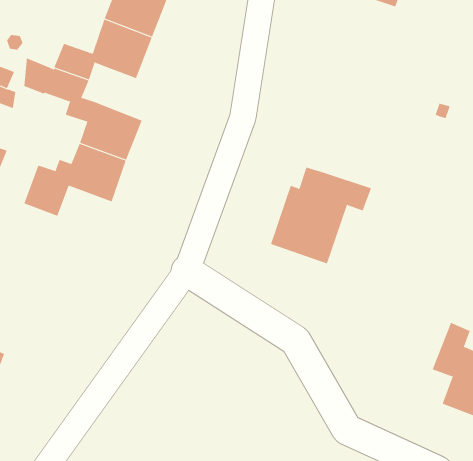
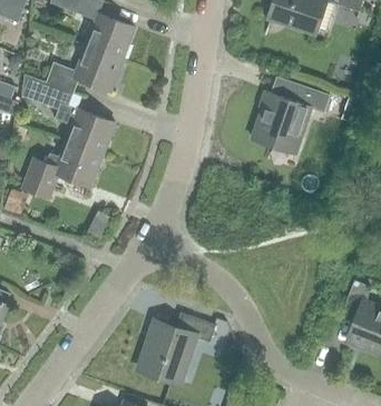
building: [270,167,372,264] -> [251,78,330,154]
building: none -> [137,313,215,383]

